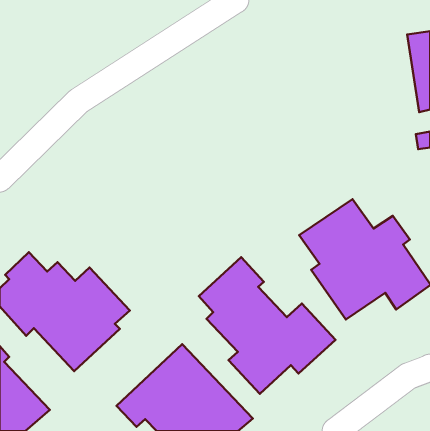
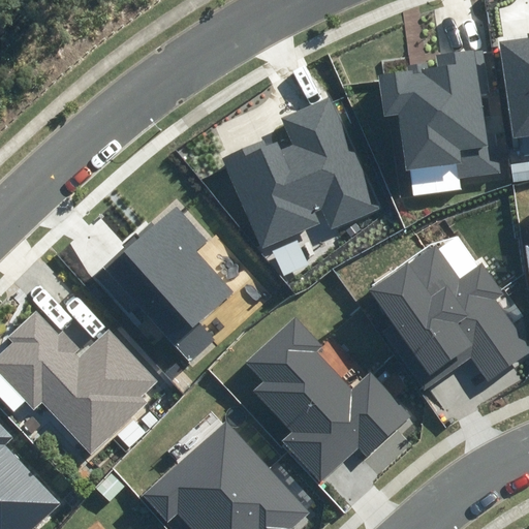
building: none -> [378,50,500,195]
building: none -> [222,97,378,249]
building: none -> [101,207,232,362]

